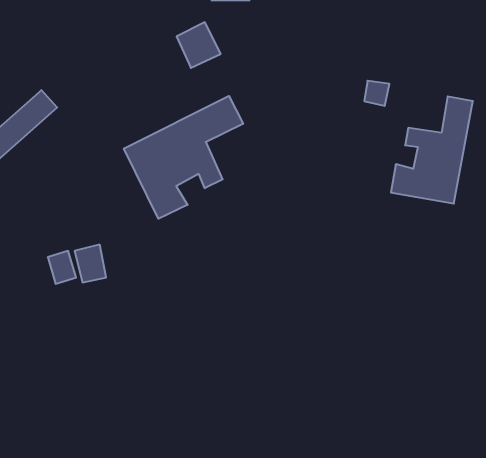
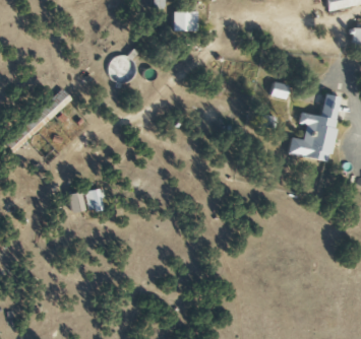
building: [177,22,221,68] -> [110,55,138,84]
building: [124,96,243,219] -> none

